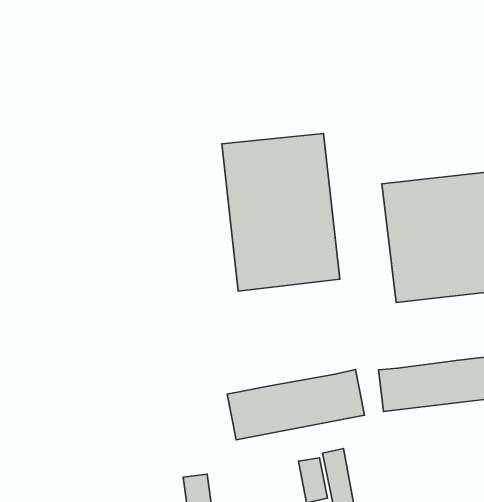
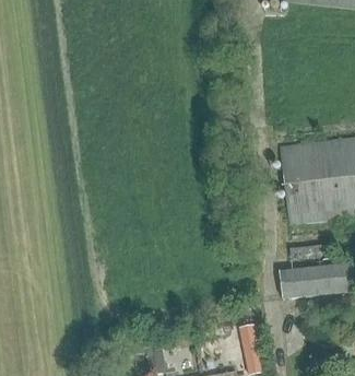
building: [222,134,340,291] -> none
building: [227,369,364,440] -> none

